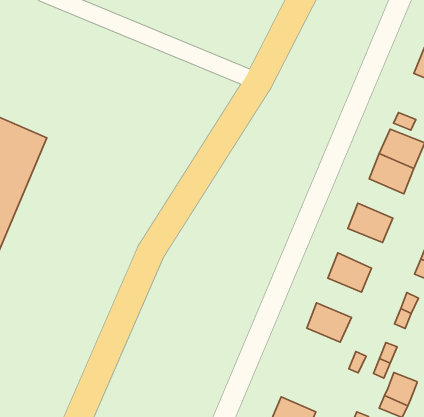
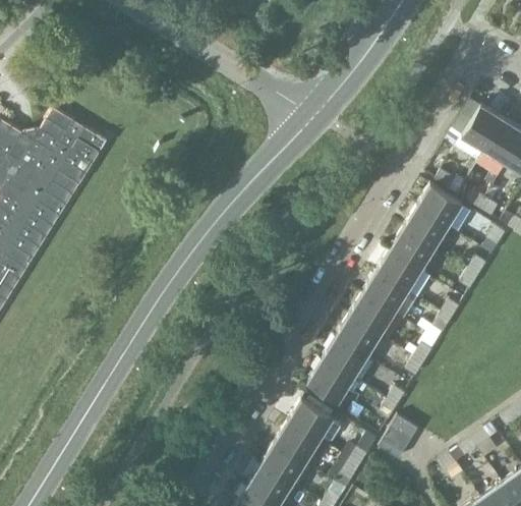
building: none -> [389,230,433,271]
building: none -> [362,274,406,315]
building: none -> [335,318,379,358]
building: none -> [307,361,351,402]
building: none -> [287,400,332,442]

